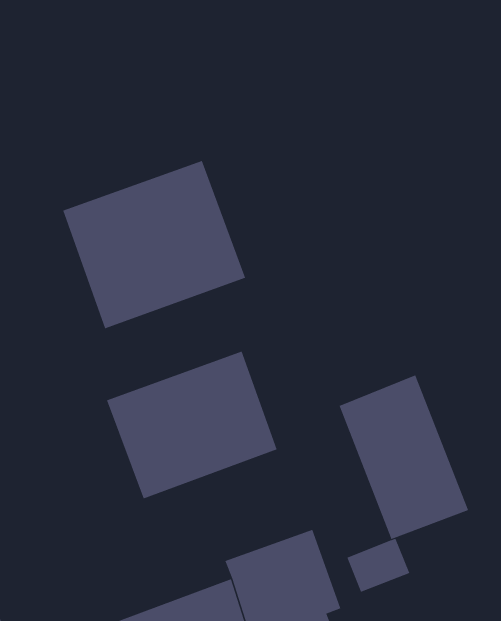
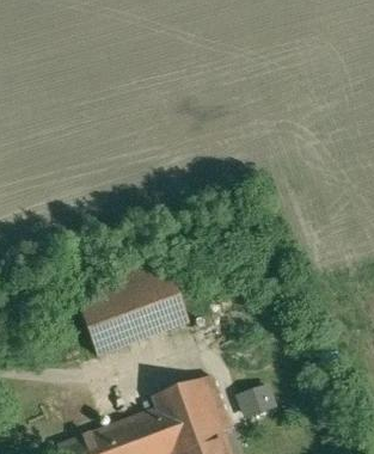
building: [63,160,246,329] -> none
building: [339,375,469,540] -> none

